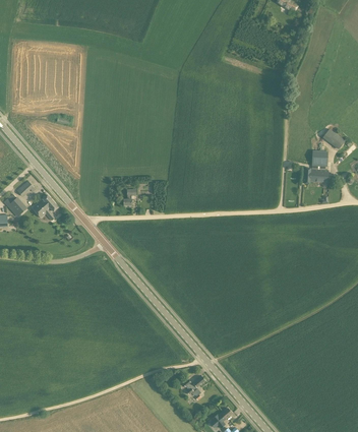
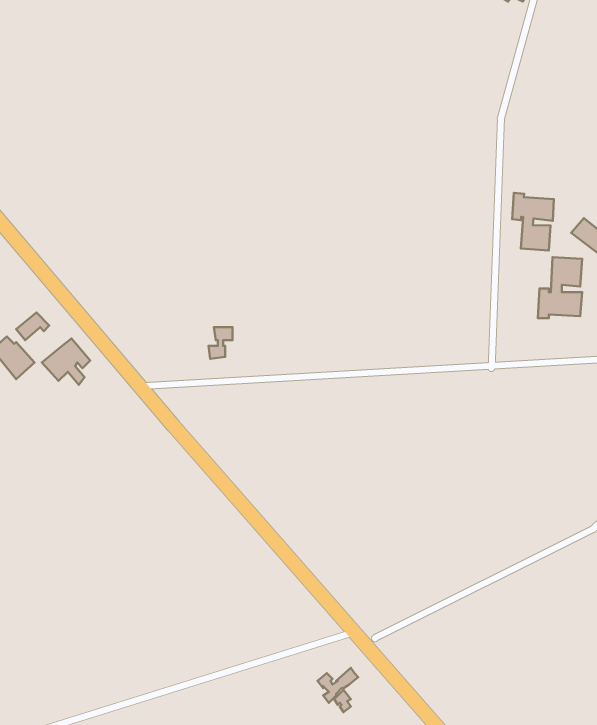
building: none -> [512,193,554,250]

